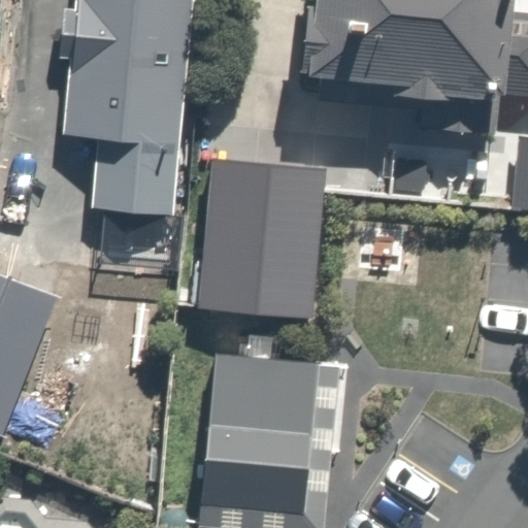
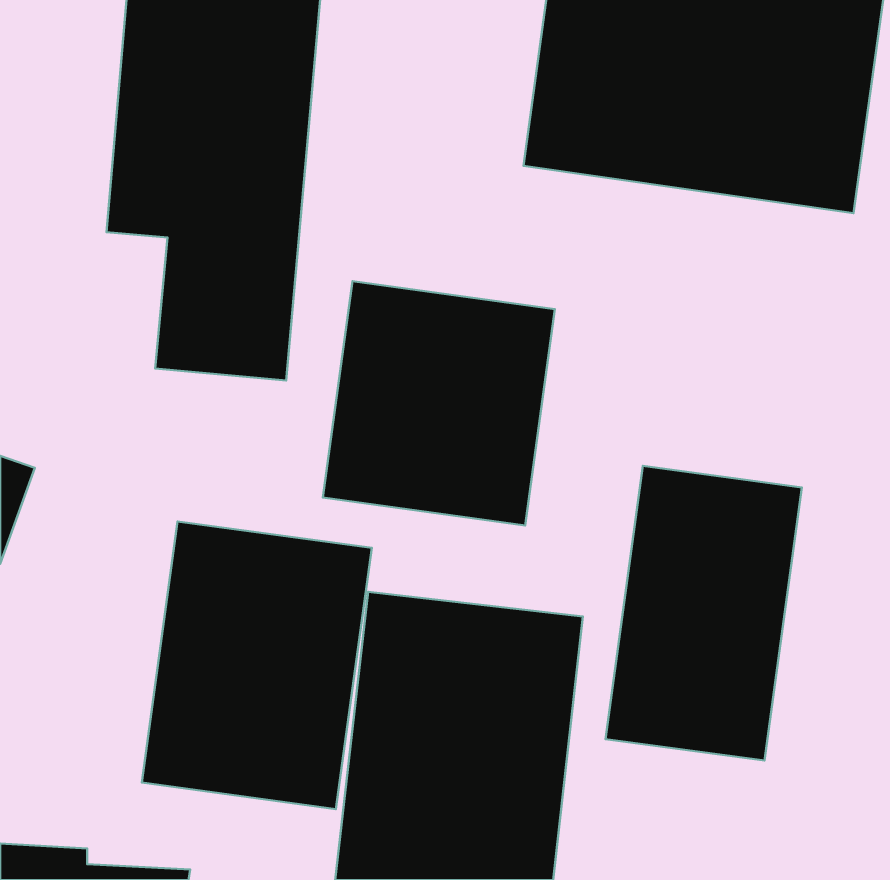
building: none -> [606,466,802,761]
building: none -> [142,521,372,809]

